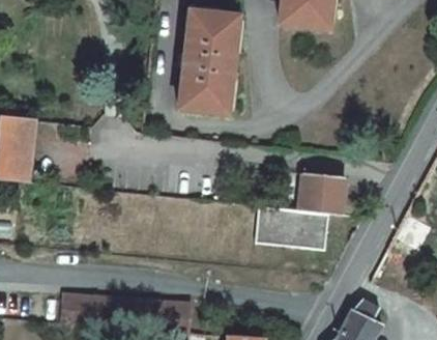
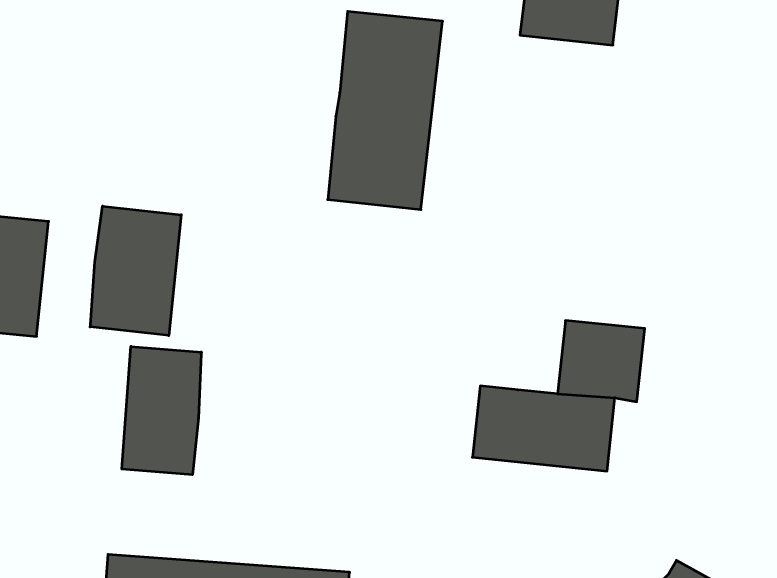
building: none -> [90,206,181,336]
building: none -> [122,346,201,475]

